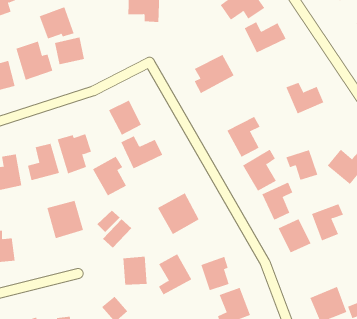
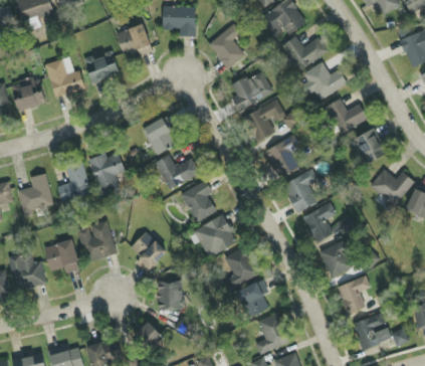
building: [39,6,75,39] -> [116,23,153,57]
building: none -> [208,23,245,69]
building: none -> [301,62,347,99]
building: none -> [242,99,286,143]
building: [286,150,318,180] -> [350,131,384,163]
building: [92,156,127,196] -> [180,180,216,222]
building: [311,203,344,241] -> [337,276,371,315]
building: none -> [44,240,79,272]
building: [158,253,192,295] -> [223,246,258,290]

